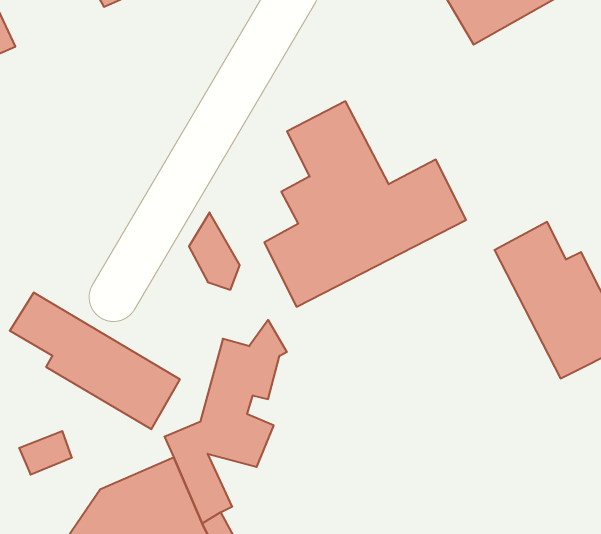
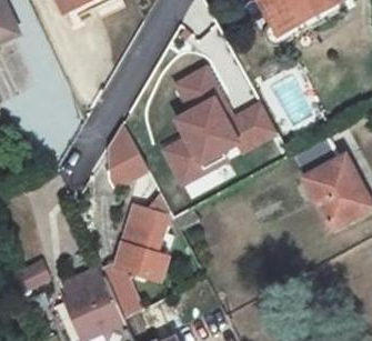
building: [10,292,180,429] -> none

